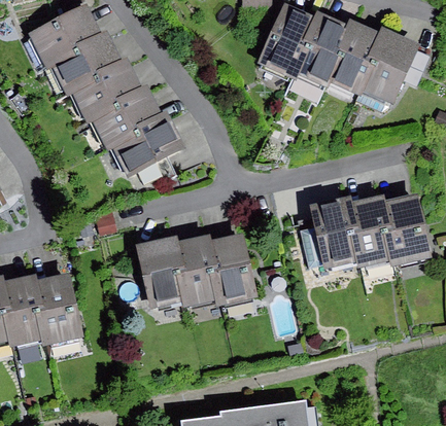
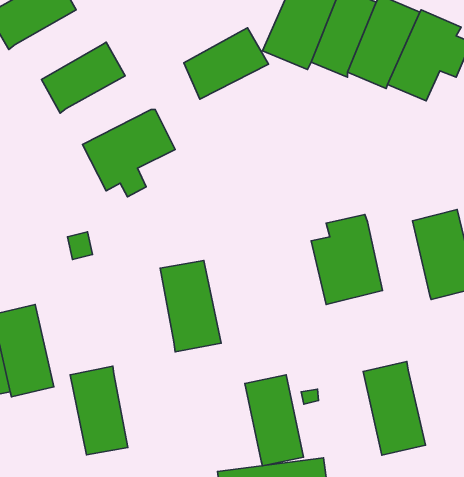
building: [53,28,125,90] -> none
building: [95,82,165,141] -> [184,28,269,99]
building: [343,197,394,274] -> [363,361,426,455]
building: [209,234,258,309] -> [245,375,304,466]
building: [136,237,183,310] -> [70,366,128,455]

